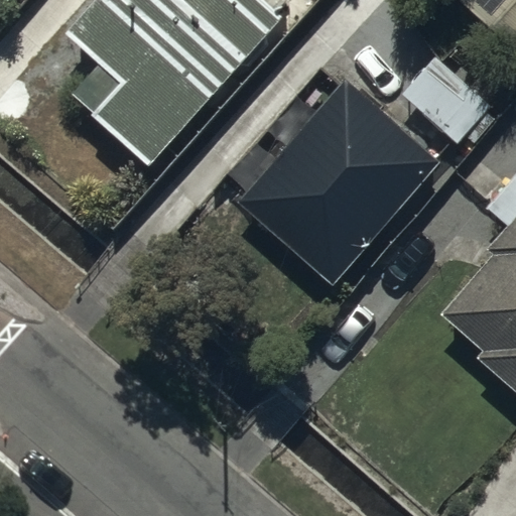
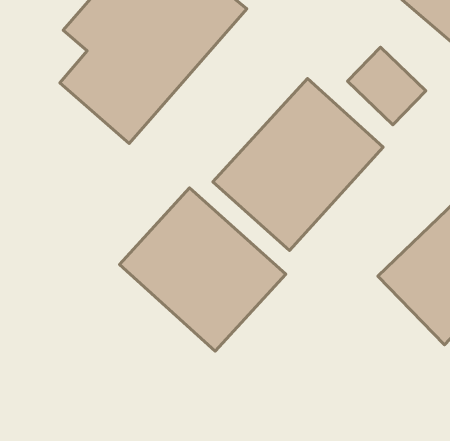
building: none -> [120,188,286,351]

